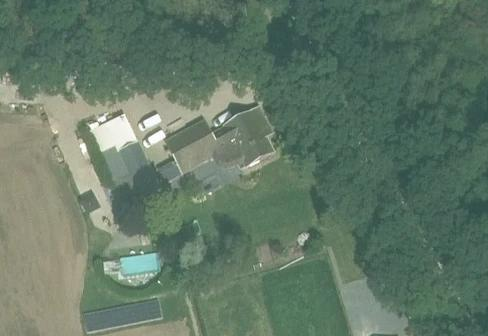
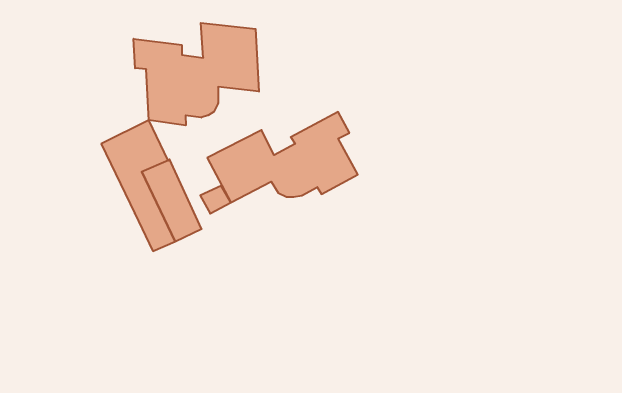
building: none -> [134,23,259,125]

